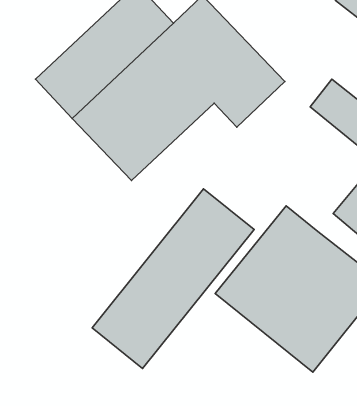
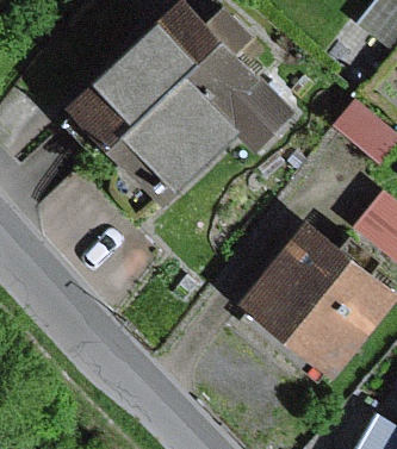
building: [92,189,254,368] -> none

